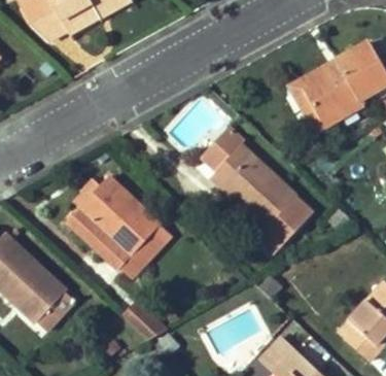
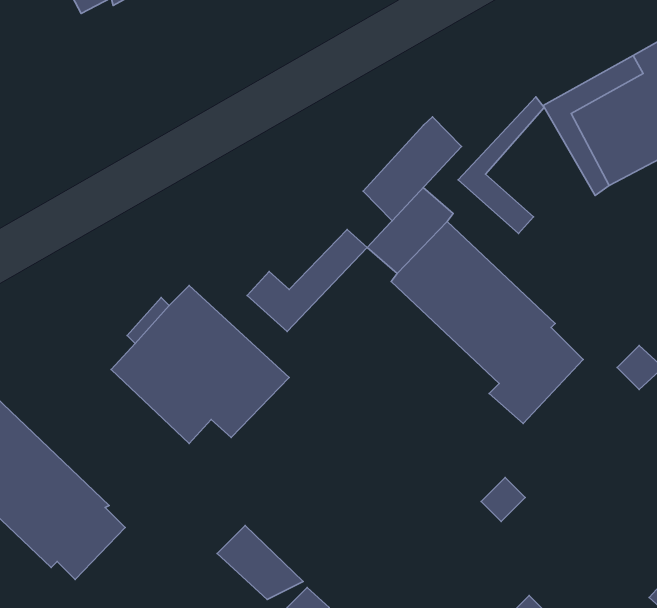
building: none -> [458,97,544,234]
building: none -> [363,117,461,221]
building: [108,225,170,277] -> [247,229,367,331]

